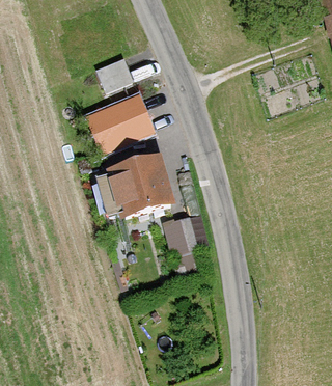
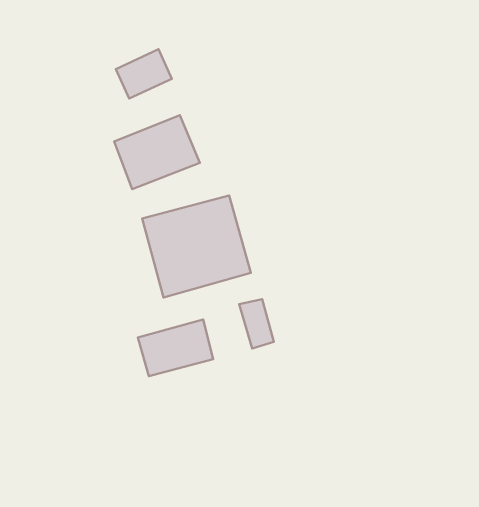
building: none -> [138,320,213,376]

